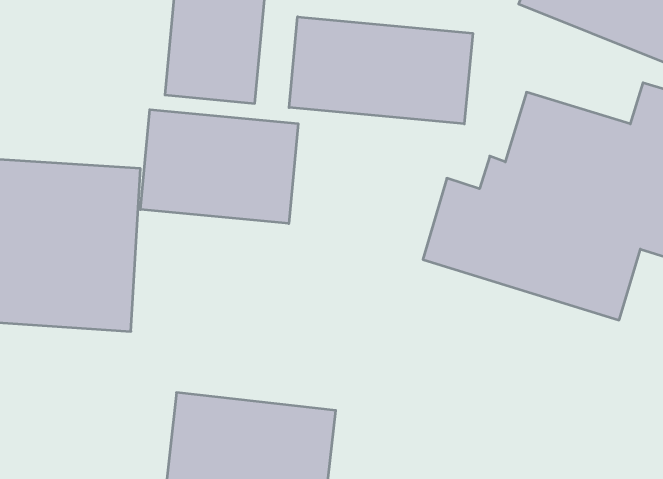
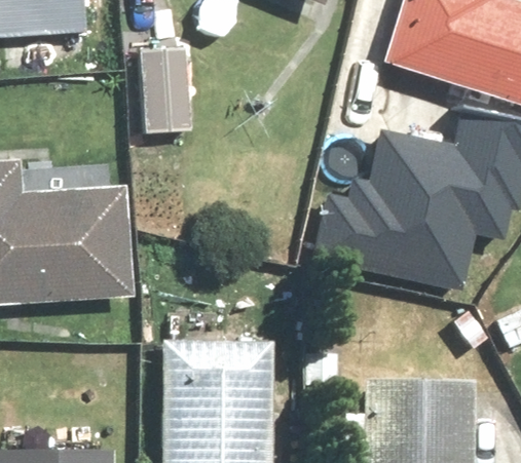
building: [289,17,473,124] -> none
building: [140,110,298,224] -> none

